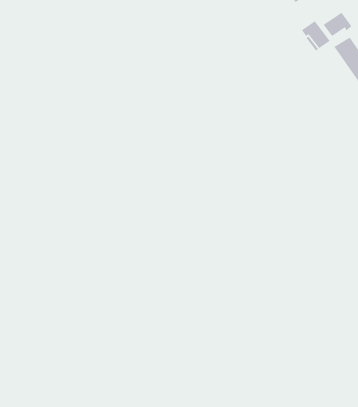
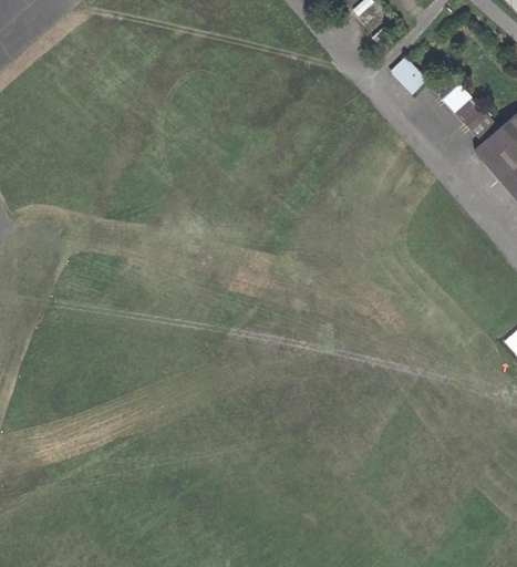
building: [323,12,352,37] -> none

